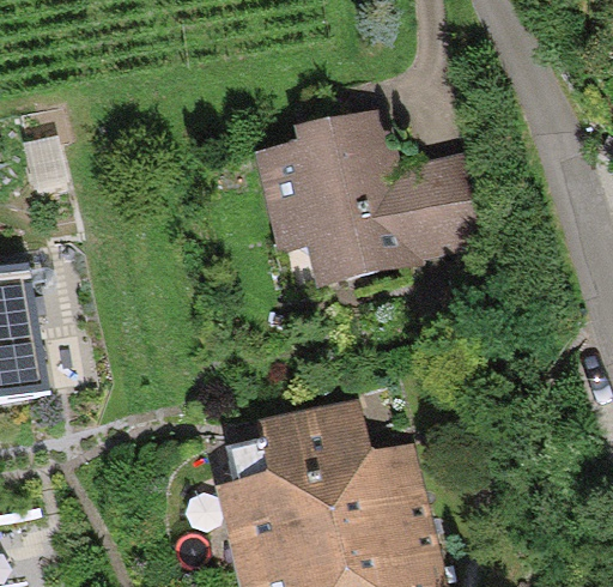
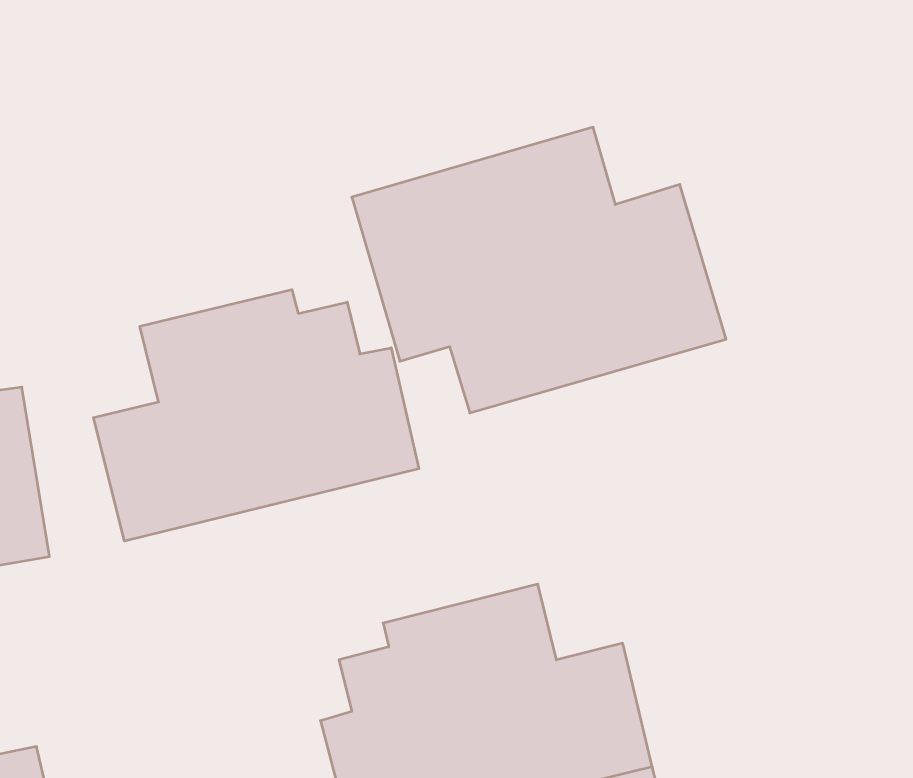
building: none -> [93,290,419,541]

